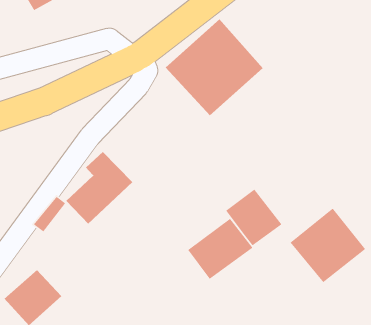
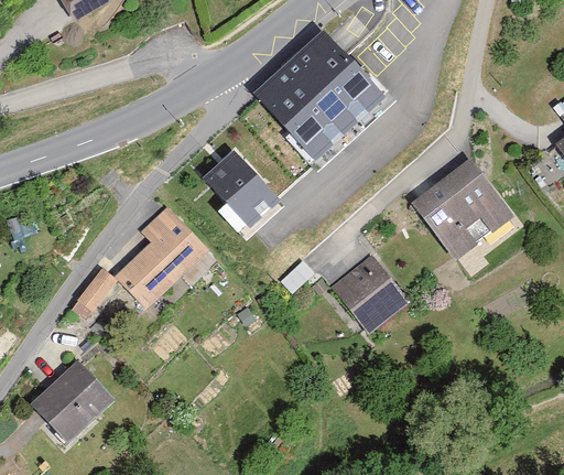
building: none -> [203,148,276,223]
building: [290,208,366,283] -> [410,160,513,262]
building: [187,218,253,280] -> none

